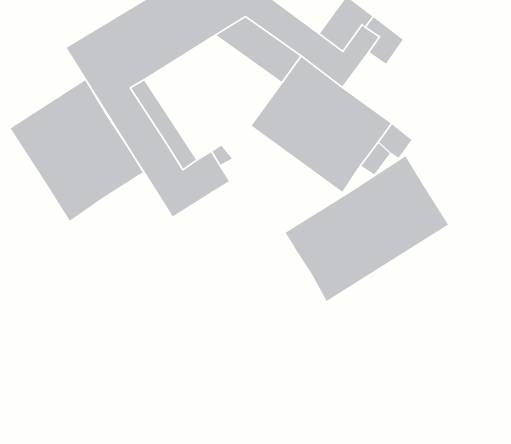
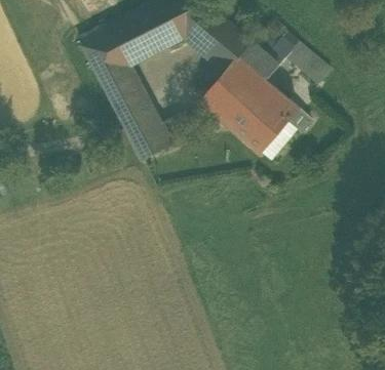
building: none -> [296,51,331,85]
building: [9,79,144,222] -> none
building: [284,155,449,302] -> none

